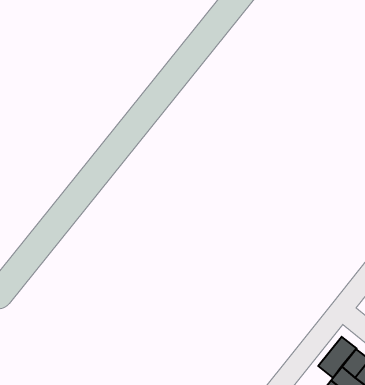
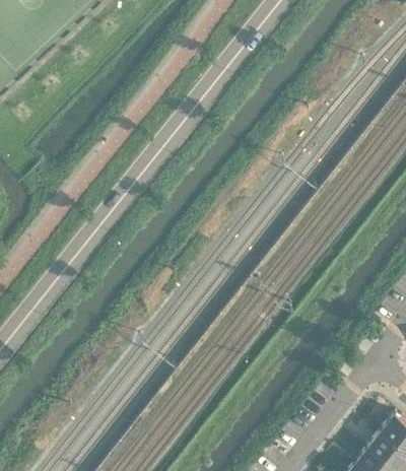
building: [318,337,357,378] -> none

